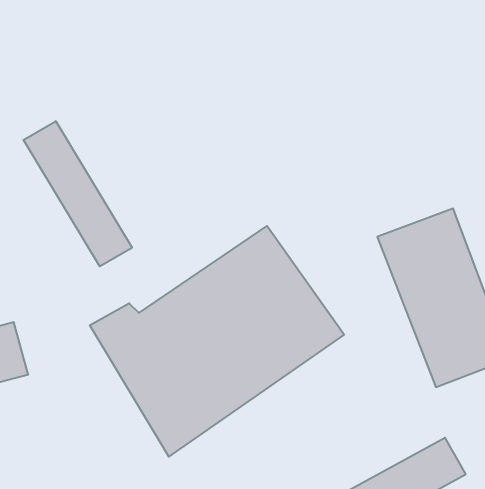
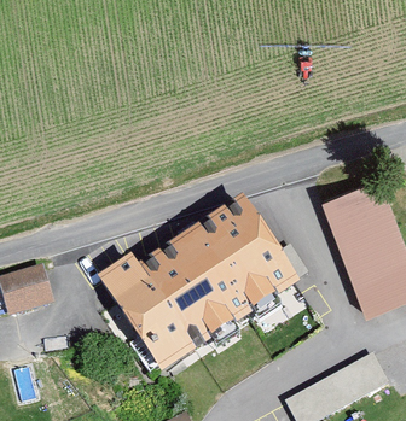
building: [24,121,132,266] -> none

